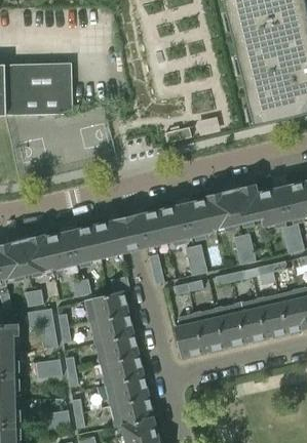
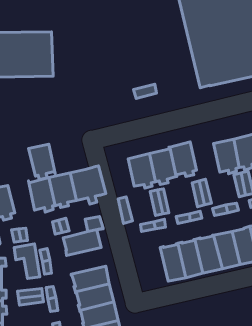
building: [231,184,265,226] -> none
building: [125,209,166,253] -> none
building: [21,235,51,276] -> [28,144,55,180]
building: [88,312,133,343] -> none
building: [175,312,205,357] -> none

